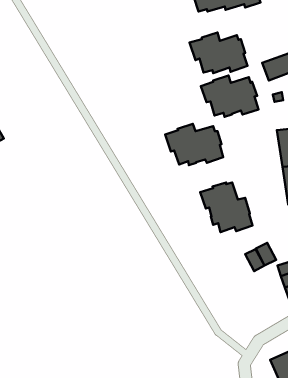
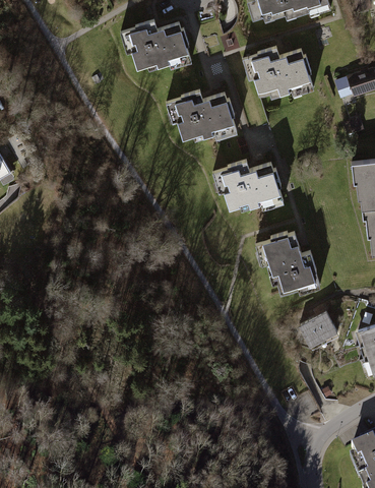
building: none -> [121,17,193,69]
building: [201,75,259,117] -> [167,87,239,139]
building: [256,243,276,266] -> [299,320,324,349]

